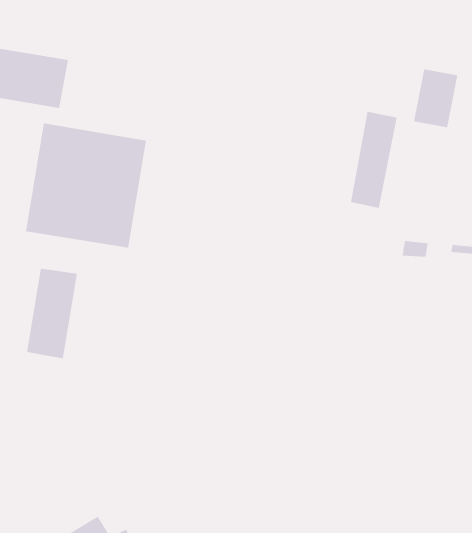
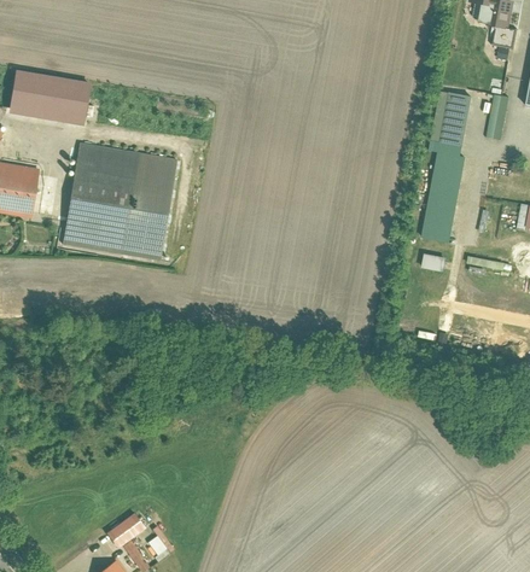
building: [350,111,397,208] -> [420,152,465,244]
building: [27,268,77,359] -> none

